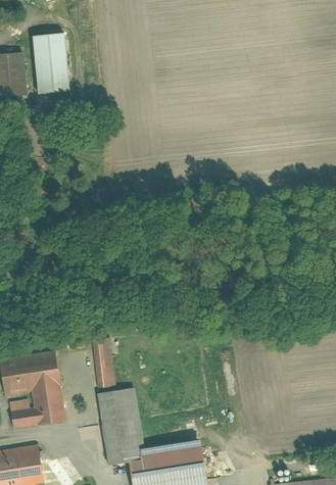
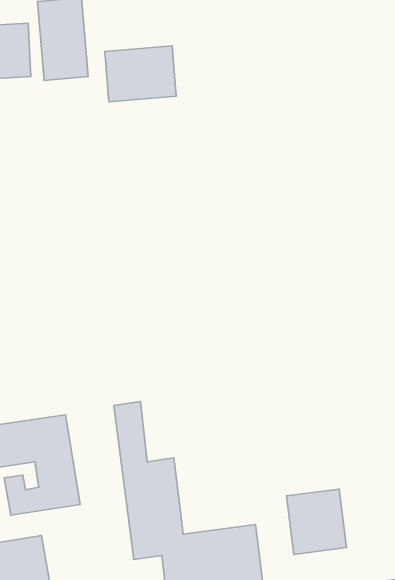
building: none -> [105,46,176,102]
building: none -> [286,489,346,555]

